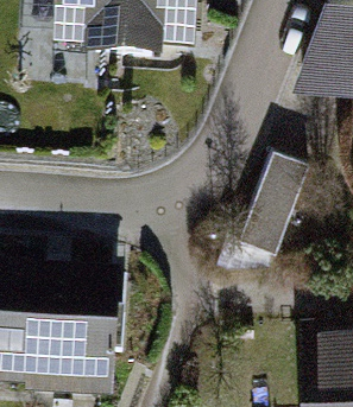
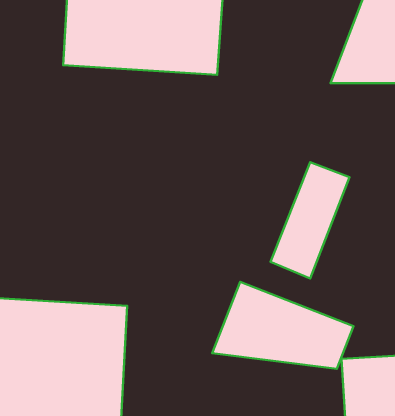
building: none -> [212,282,353,369]

